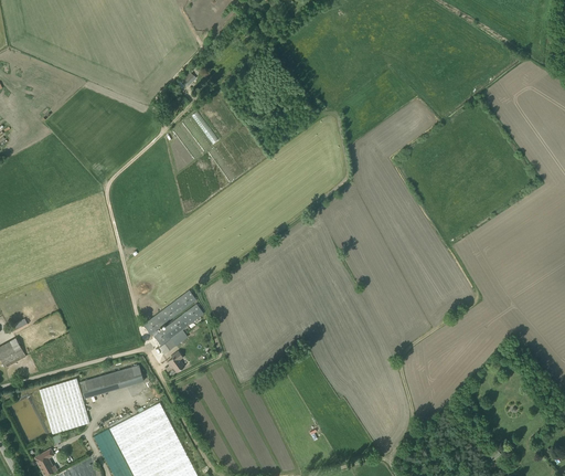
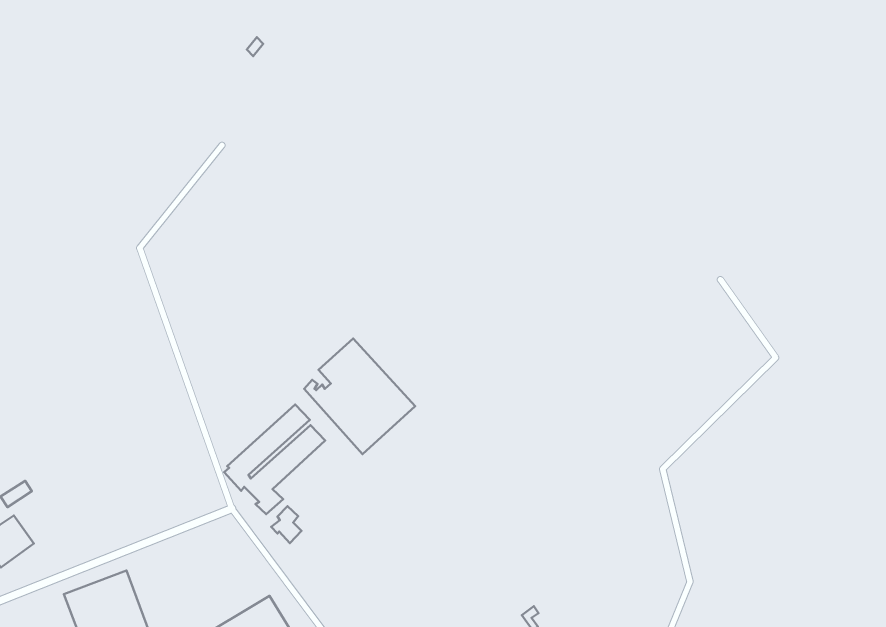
building: none -> [304,339,415,454]
building: [79,366,143,399] -> none

